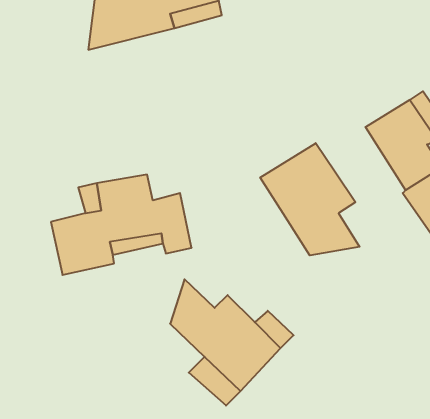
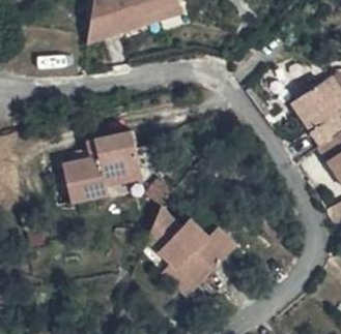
building: [260,143,360,255] -> none

